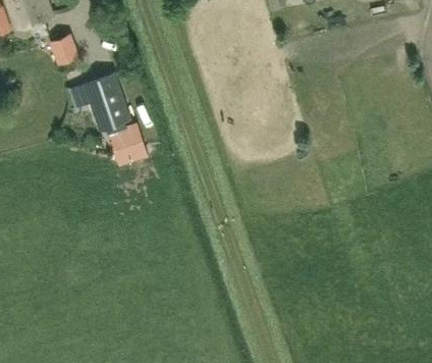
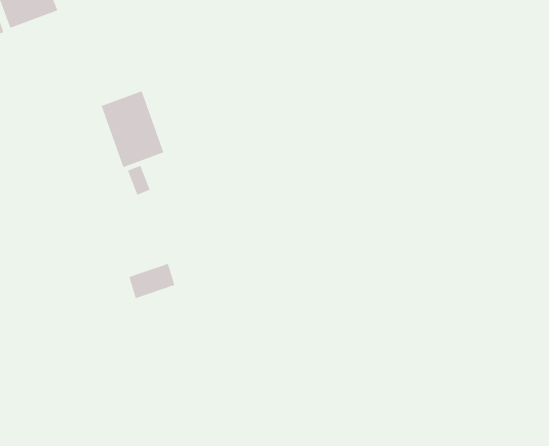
building: [49,33,80,64] -> none
building: [114,140,149,166] -> [128,263,175,299]

